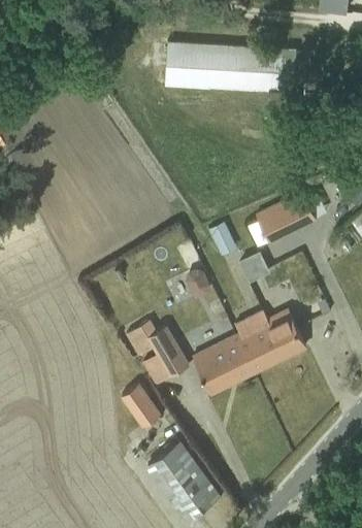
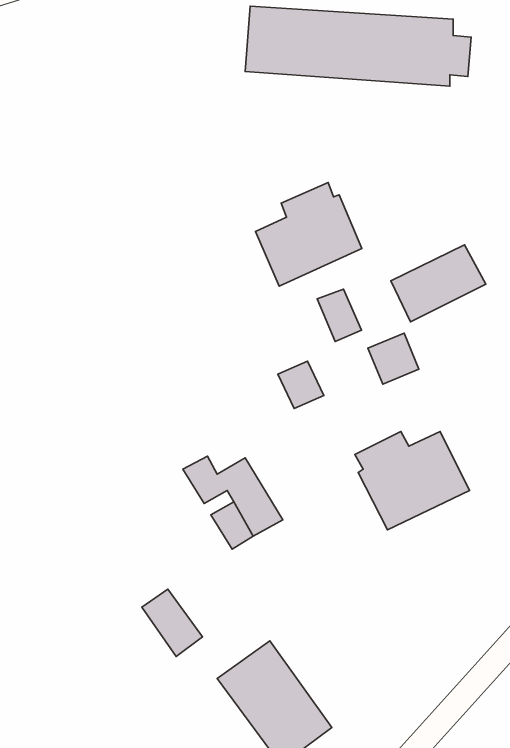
building: none -> [255,183,362,286]
building: [193,336,255,394] -> none
building: [122,385,160,427] -> [142,589,202,656]

